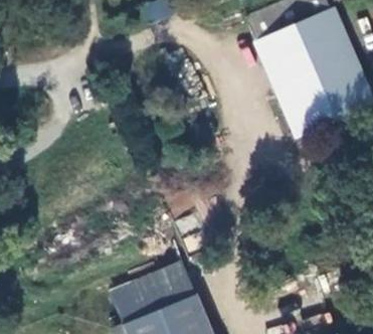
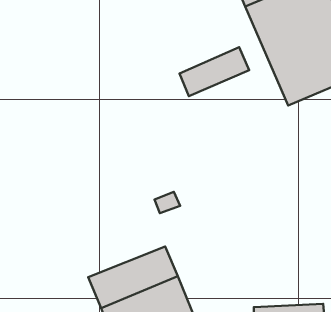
building: none -> [180,47,249,96]

